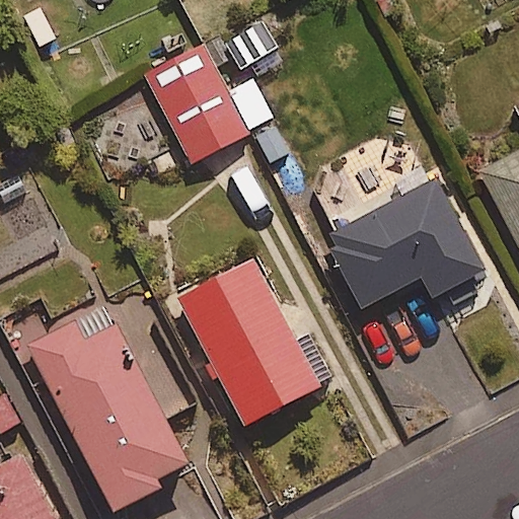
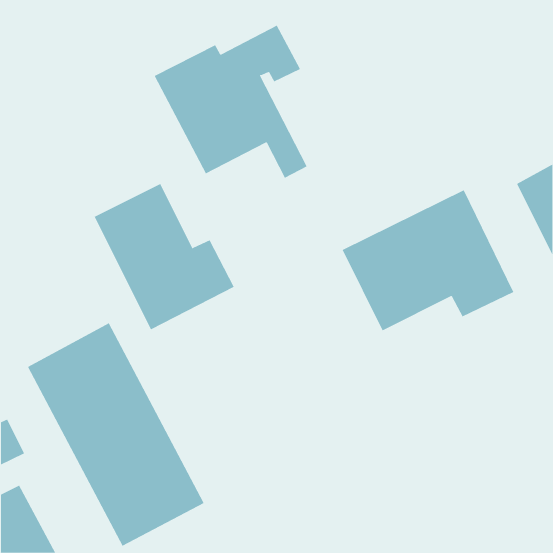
building: none -> [94,183,235,330]
building: [179,261,318,426] -> none

